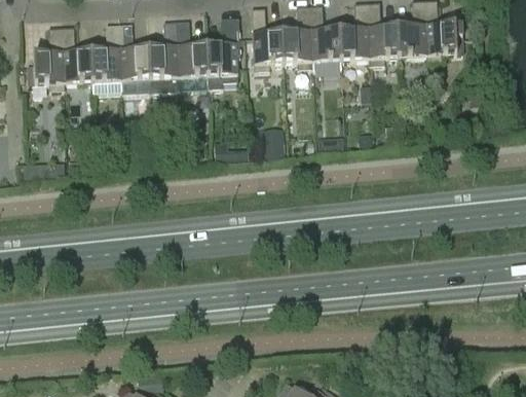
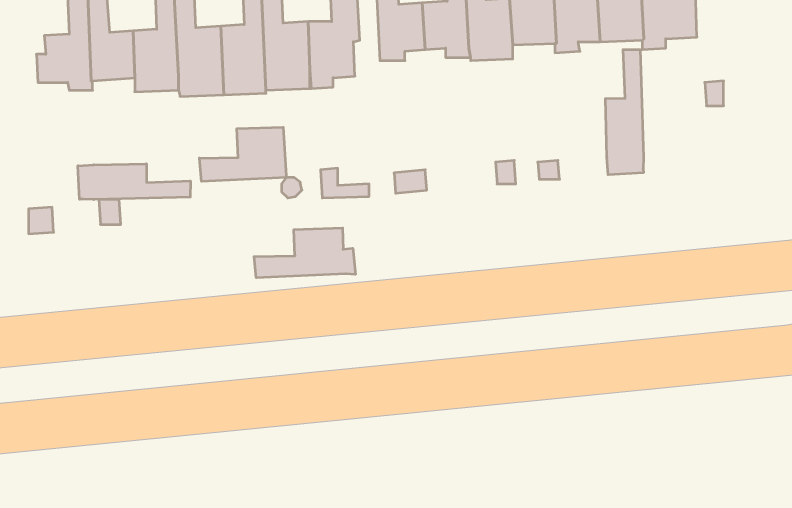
building: none -> [605,50,644,175]
building: none -> [199,127,286,181]
building: none -> [78,164,190,200]
building: none -> [254,228,355,278]

